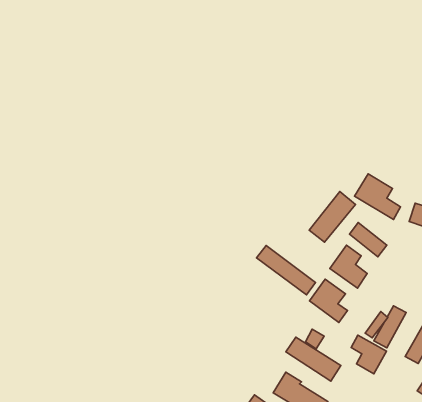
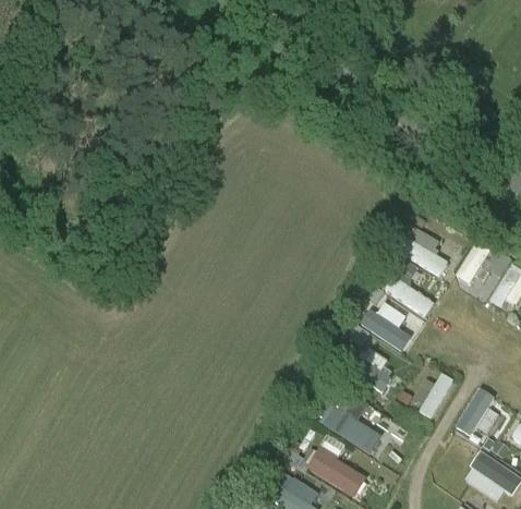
building: [309,192,356,242] -> none
building: [256,245,315,295] -> none
building: [351,335,387,374] -> none

